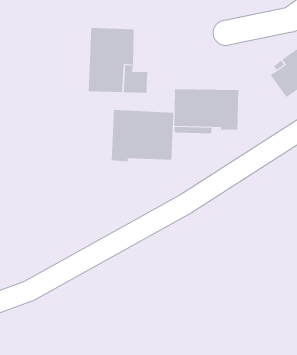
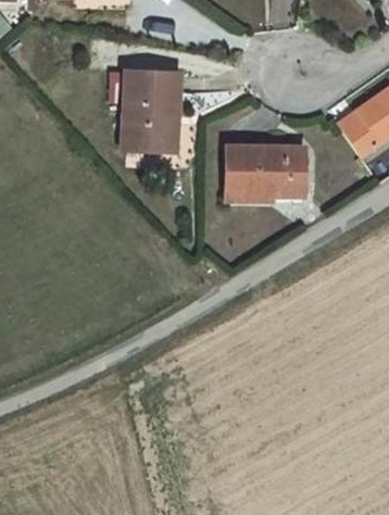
building: [111,109,174,162] -> none

